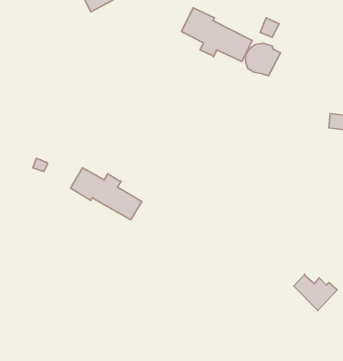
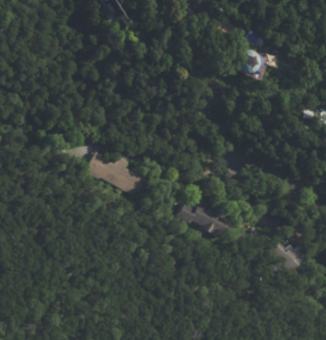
building: [182,8,252,62] -> none
building: none -> [182,202,234,240]

